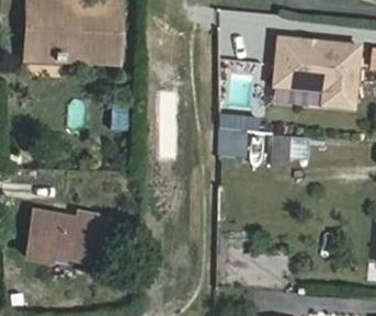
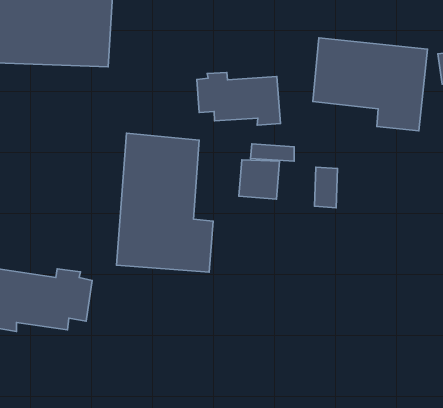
building: none -> [197,73,281,125]
building: none -> [116,133,213,272]

